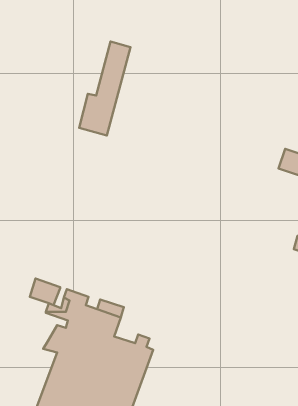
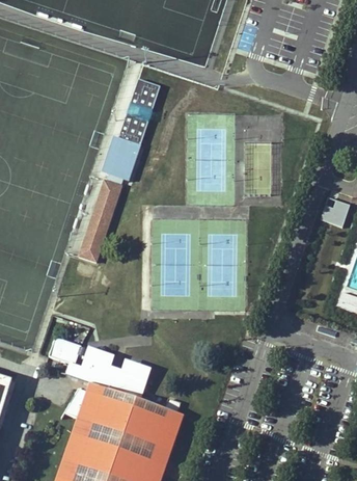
building: none -> [77,180,121,265]

